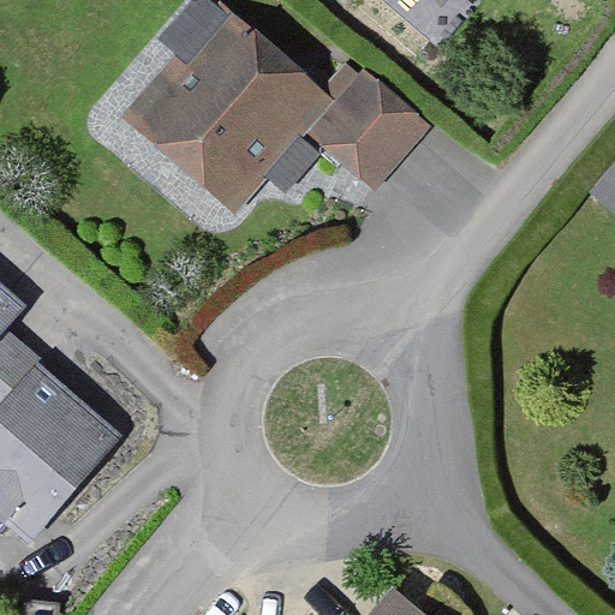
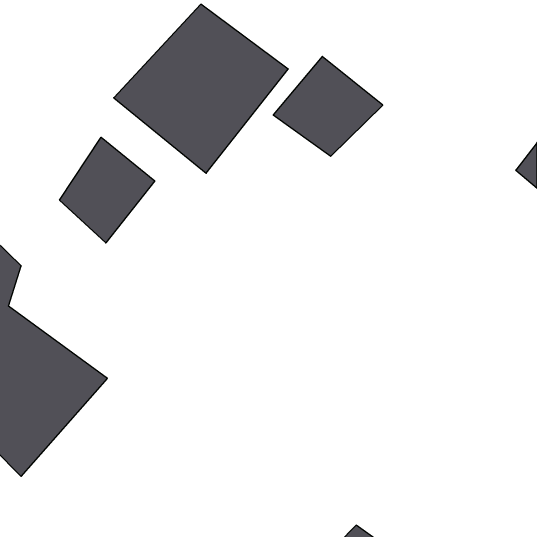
building: none -> [60,137,155,243]

